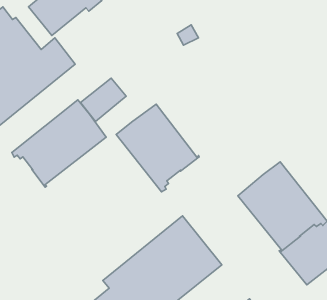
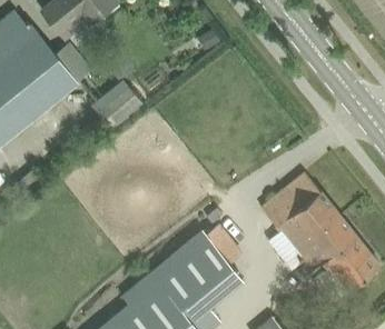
building: [12,100,106,187] -> none
building: [116,104,199,192] -> none

